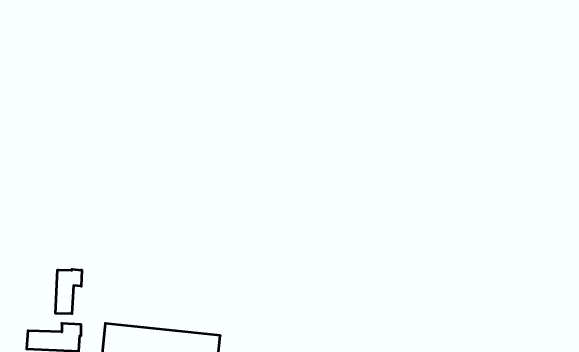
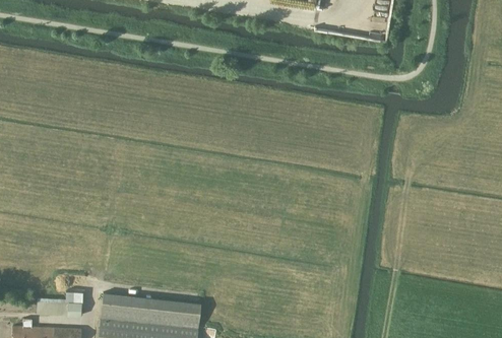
building: [56,269,82,314] -> none

